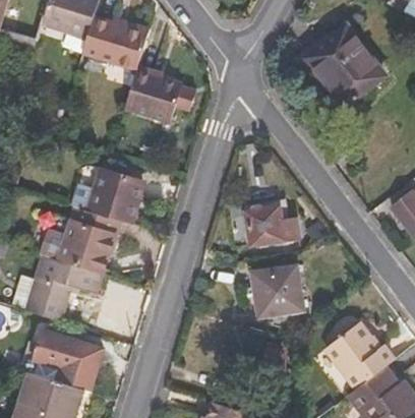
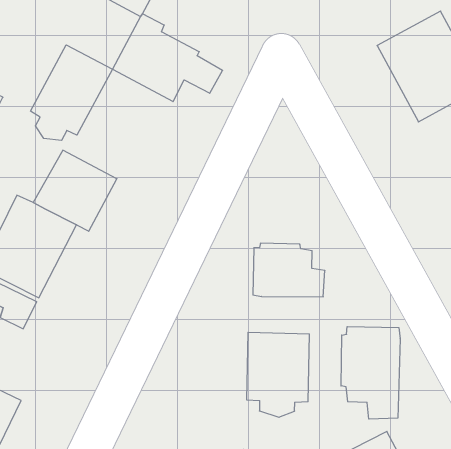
building: none -> [31,45,112,140]
building: none -> [341,327,400,419]

